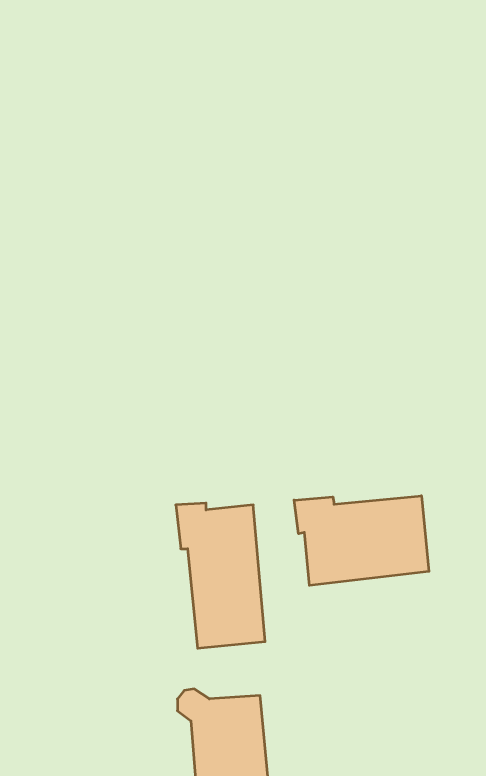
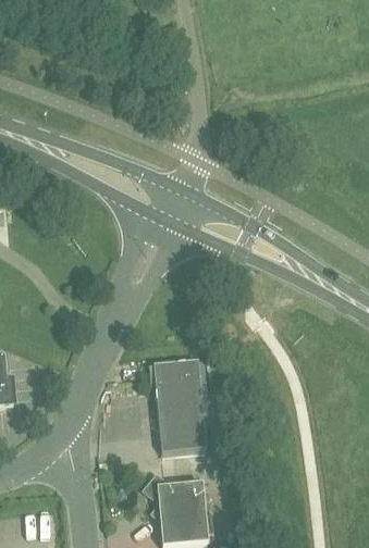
building: [294,496,429,585] -> none

